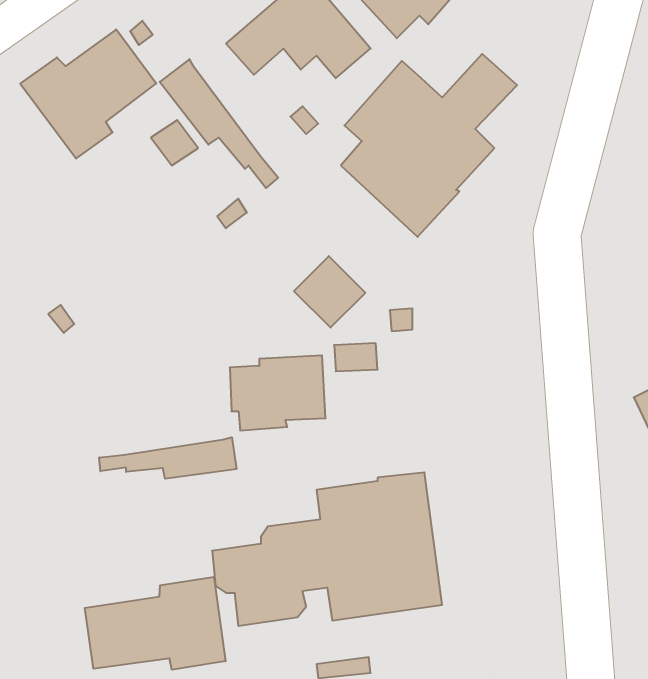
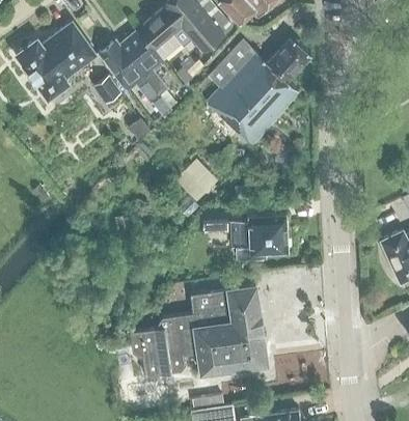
building: none -> [119,31,168,99]
building: [230,355,326,430] -> [231,216,289,260]
building: [99,437,236,479] -> none
building: [85,577,226,670] -> none

